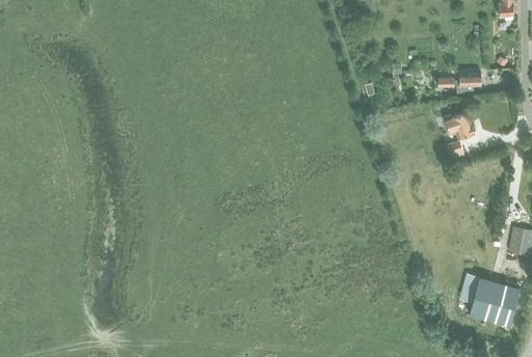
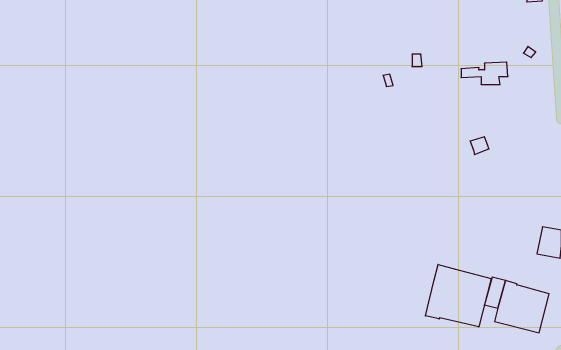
building: [445,113,474,139] -> none
building: none -> [425,264,491,327]

